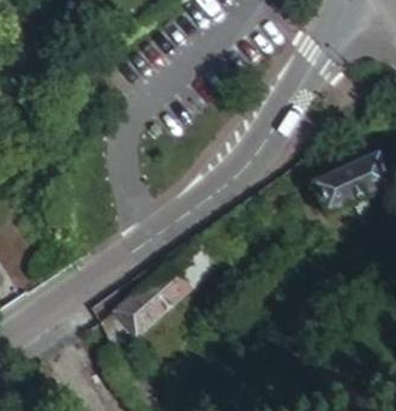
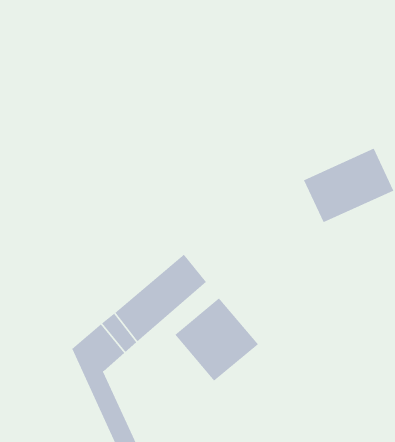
building: none -> [175,298,259,382]

